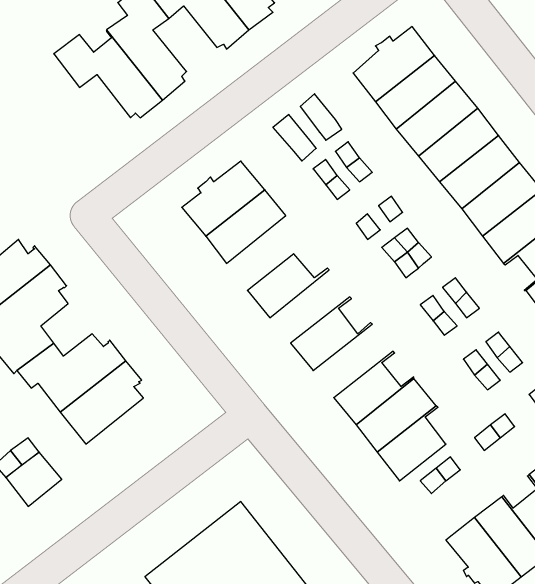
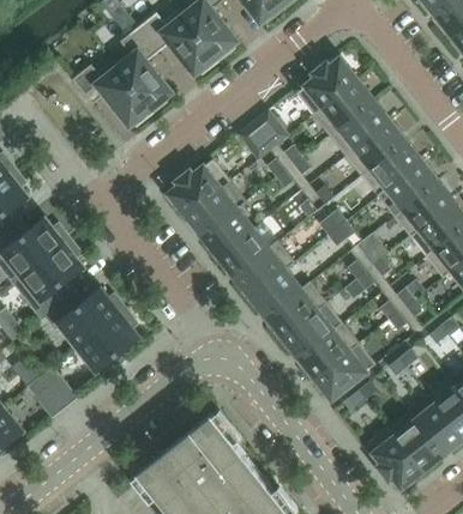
building: none -> [202,200,252,256]
building: none -> [234,241,294,296]
building: none -> [266,282,326,337]

